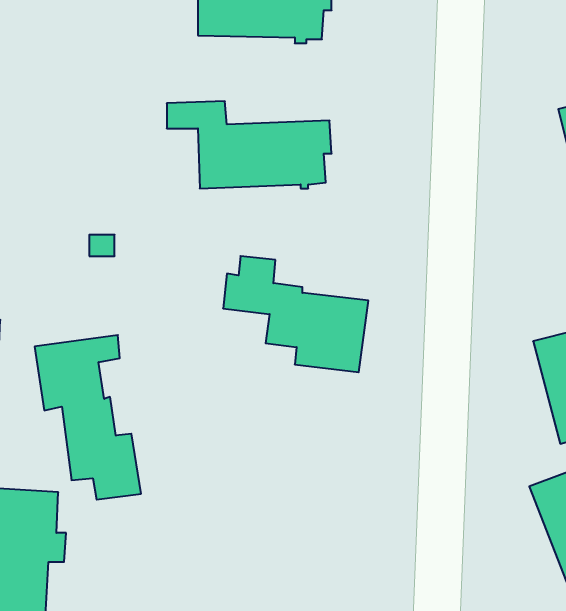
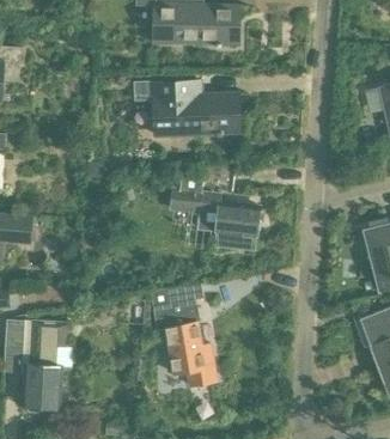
building: [35,335,141,500] -> [150,282,215,384]

